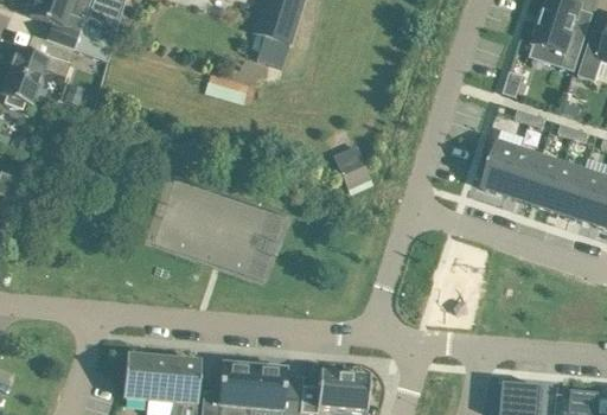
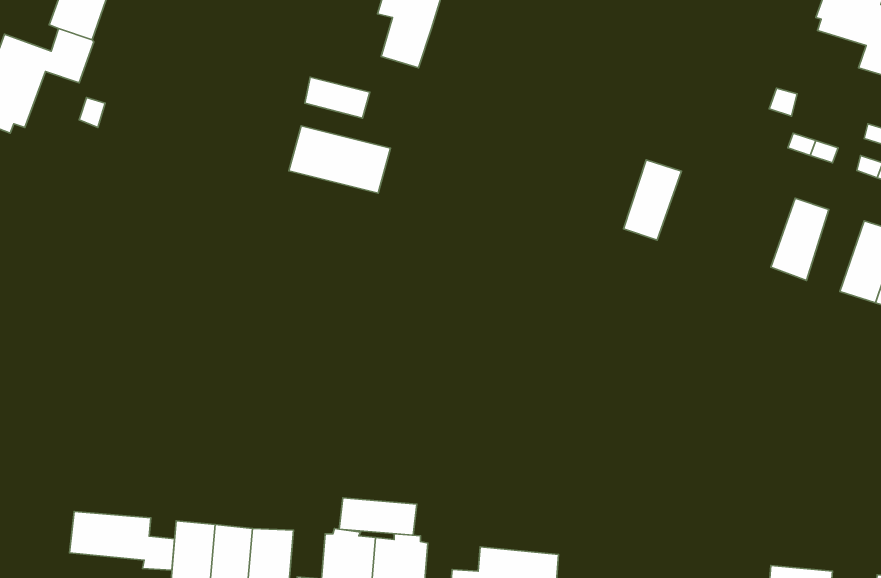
building: none -> [289,126,391,193]
building: [483,142,519,193] -> [624,160,681,240]
building: [333,145,368,183] -> none
building: [526,157,563,209] -> none
building: none -> [339,498,417,535]
building: none -> [70,512,175,570]

